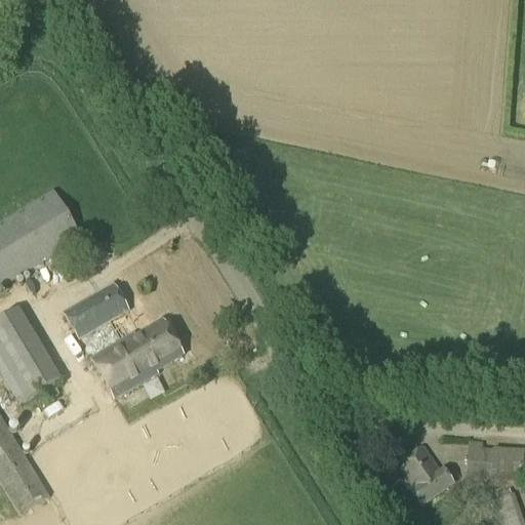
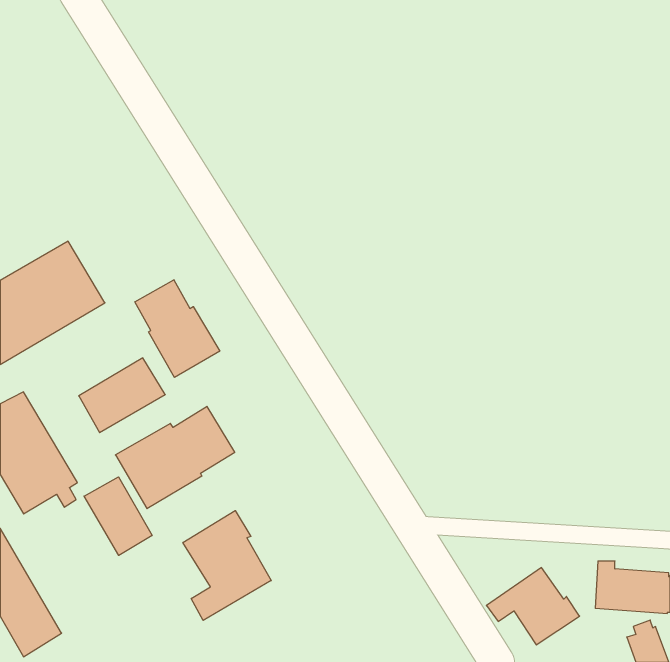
building: none -> [135,280,220,377]
building: none -> [84,477,152,555]
building: none -> [183,511,271,620]

